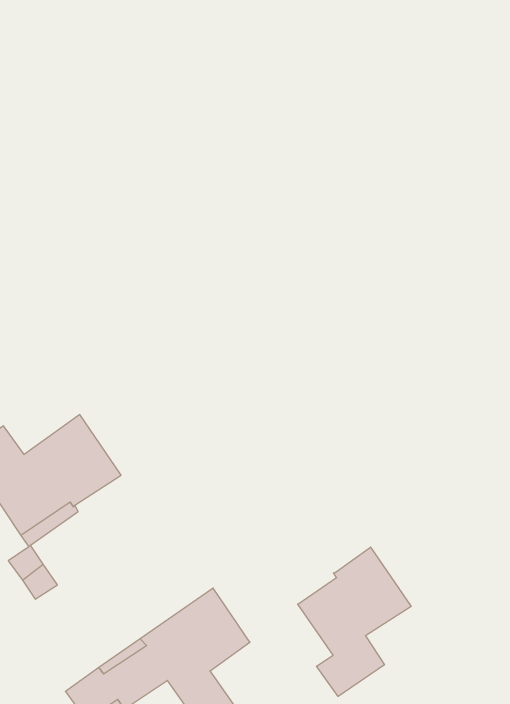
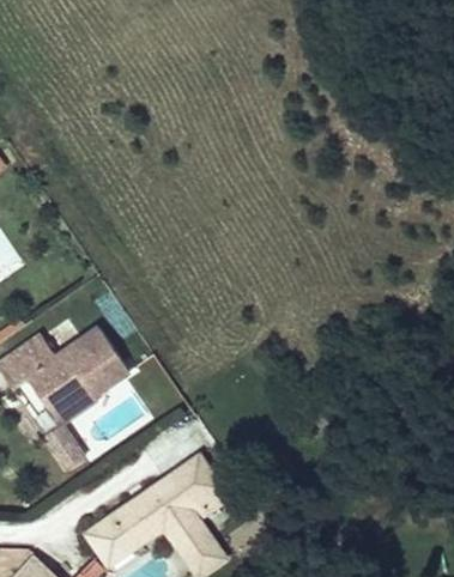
building: [298,547,411,696] -> none

